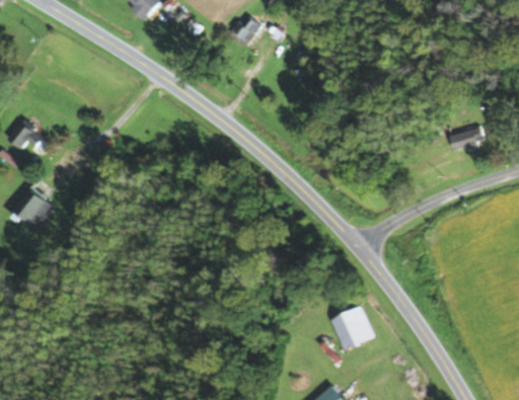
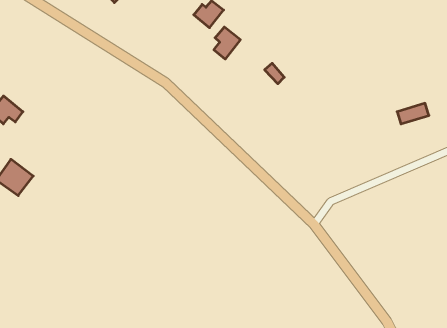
building: none -> [214,27,240,59]
building: [330,305,375,350] -> none

